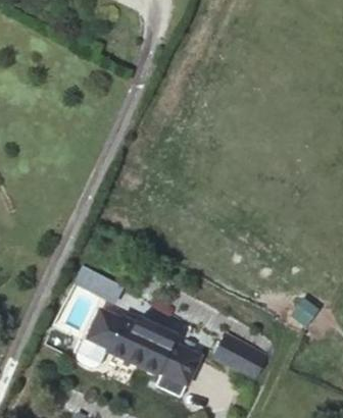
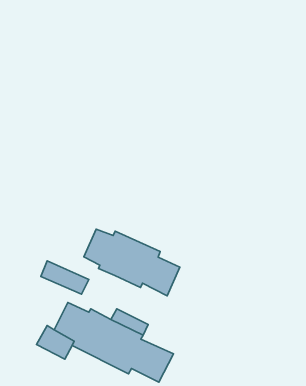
building: none -> [84,229,180,296]
building: [222,341,270,379] -> none

